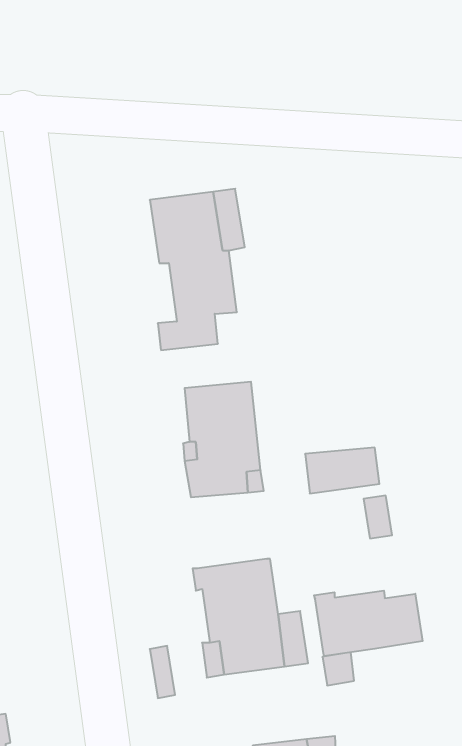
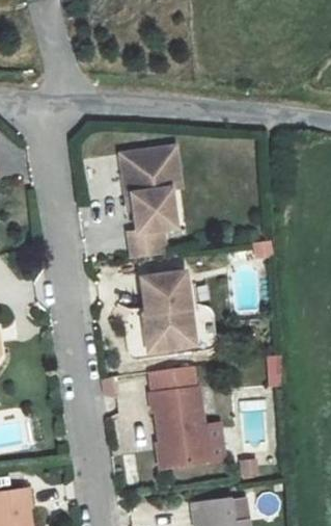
building: [305,448,379,493] -> [150,368,199,398]
building: [314,591,423,656] -> none

